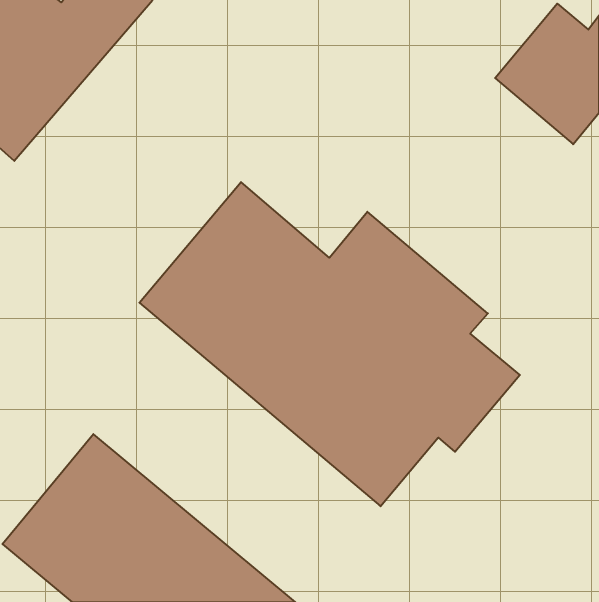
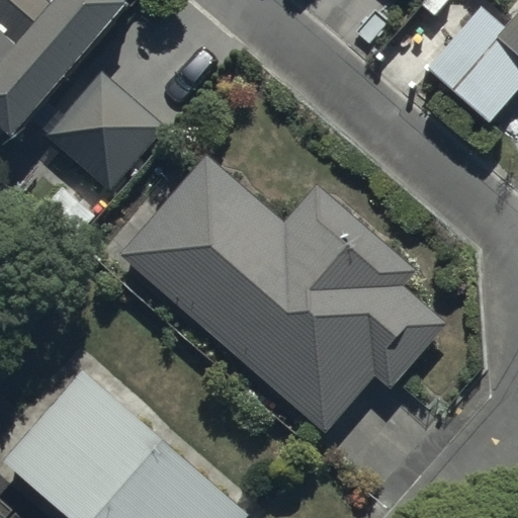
building: none -> [39,65,166,191]

